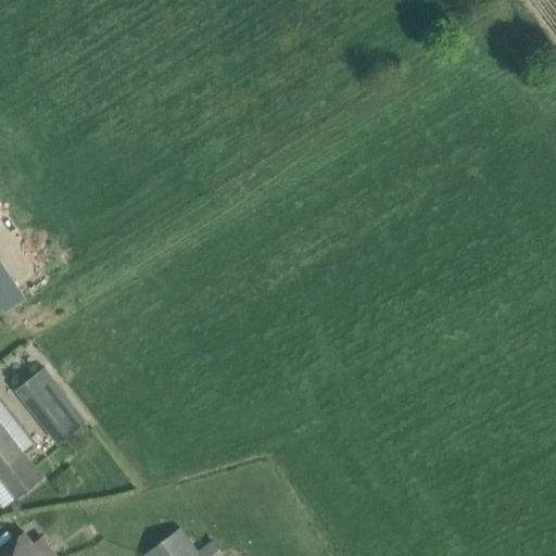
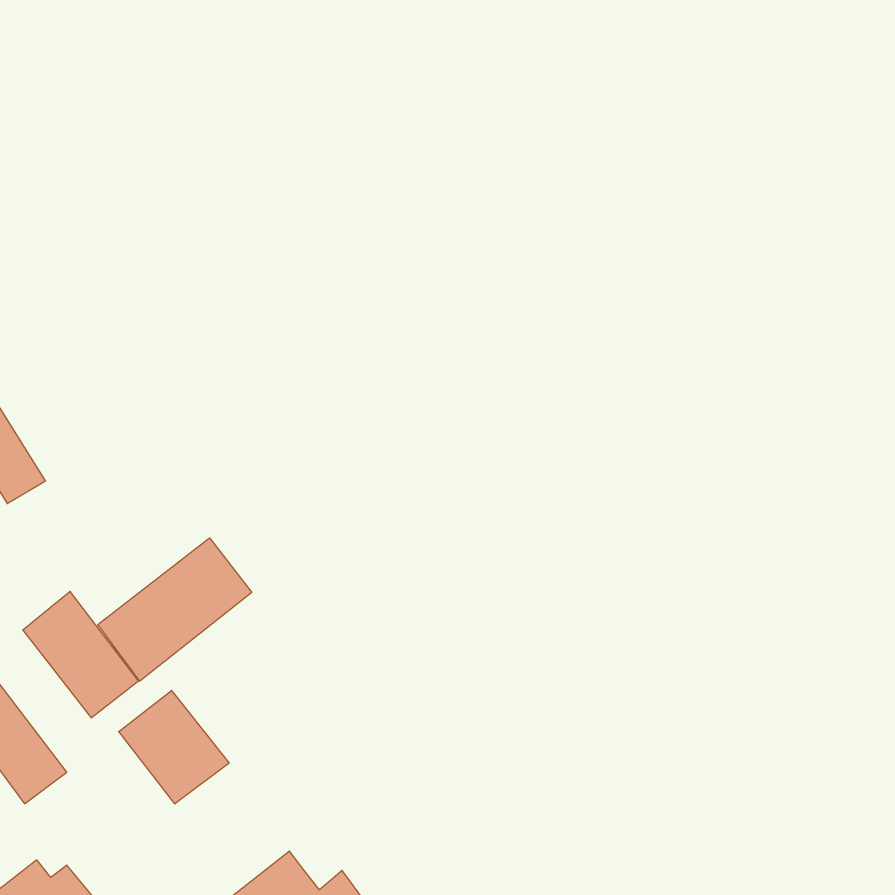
building: none -> [98,538,252,681]
building: none -> [119,690,229,804]

